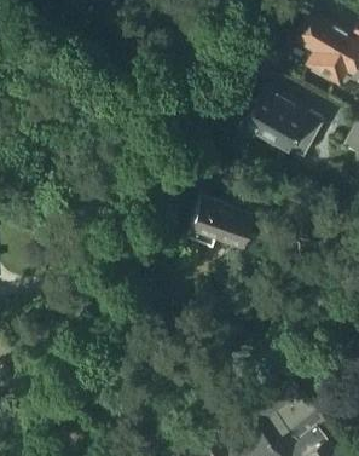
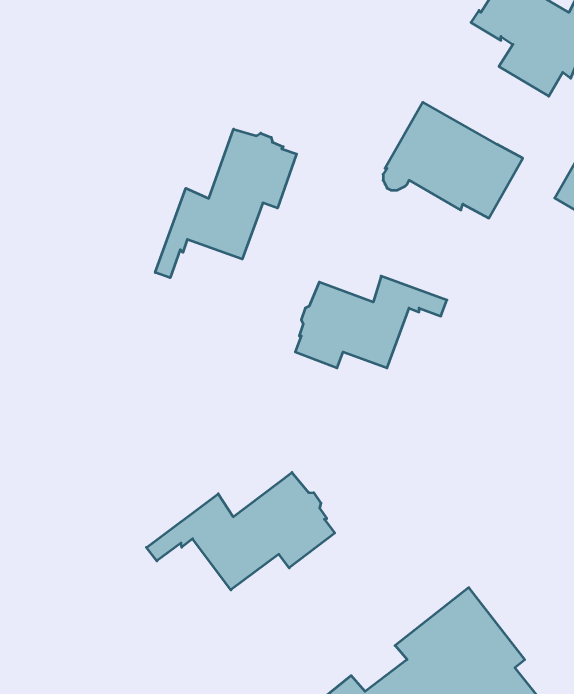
building: none -> [155,129,297,278]
building: none -> [146,472,335,590]

